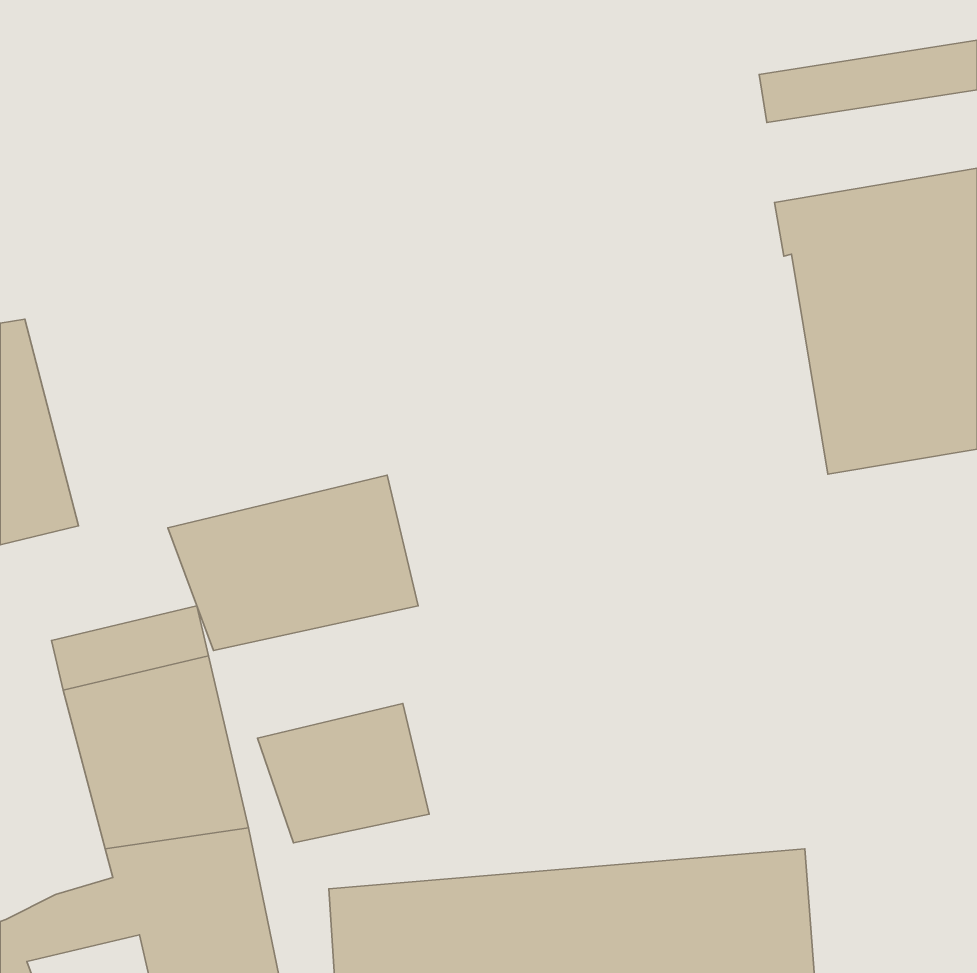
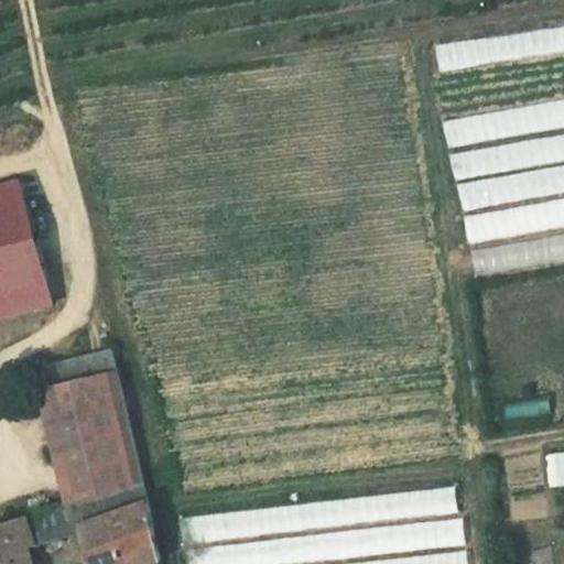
building: [168,475,418,650] -> none
building: [258,703,429,843] -> none

